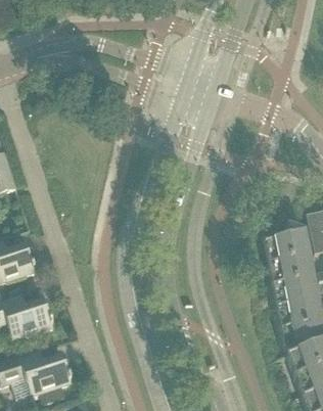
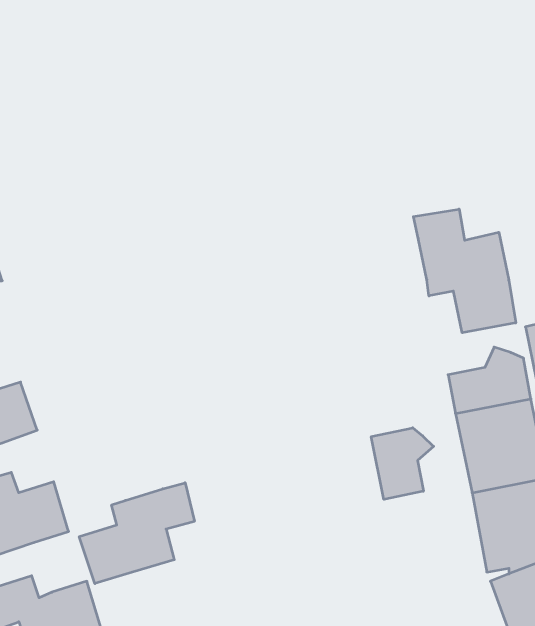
building: none -> [413,209,516,333]
building: none -> [371,428,434,499]
building: none -> [79,483,194,584]

